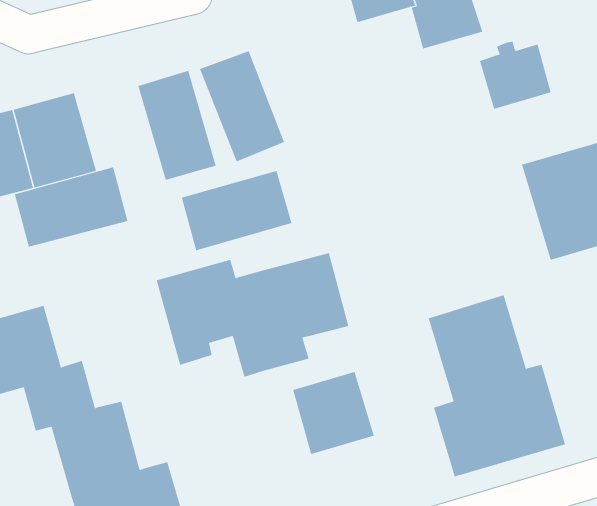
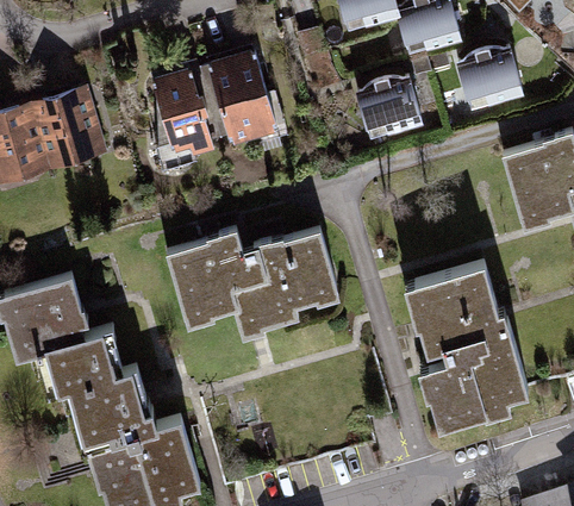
building: none -> [357,70,424,132]
building: [14,167,128,248] -> none
building: [181,170,292,251] -> none
building: [293,371,374,455] -> none

